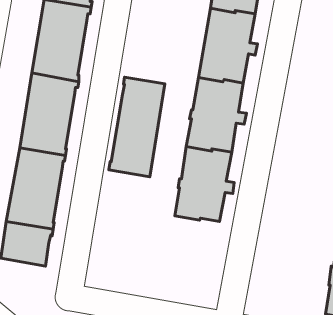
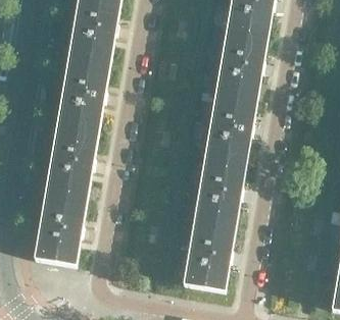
building: [109,77,165,177] -> none
building: none -> [183,220,238,291]

